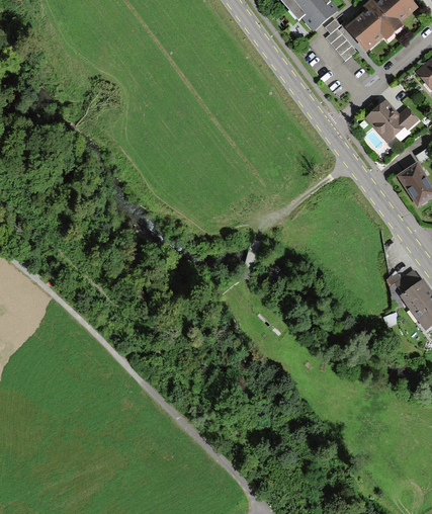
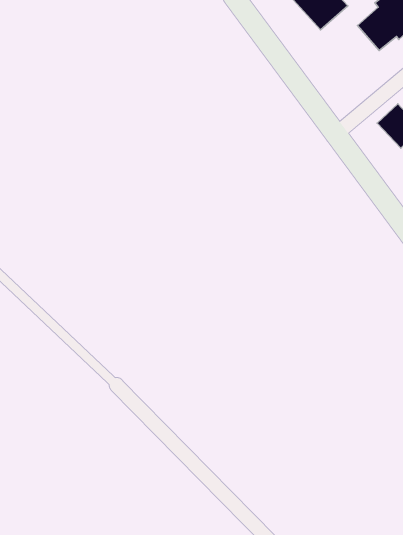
building: [325,19,355,61] -> none

